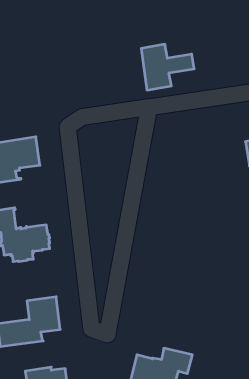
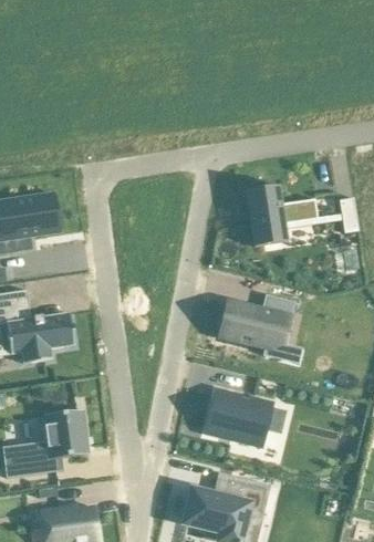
building: [141,44,194,90] -> [245,185,316,247]
building: none -> [217,293,293,347]
building: none -> [206,389,271,446]

